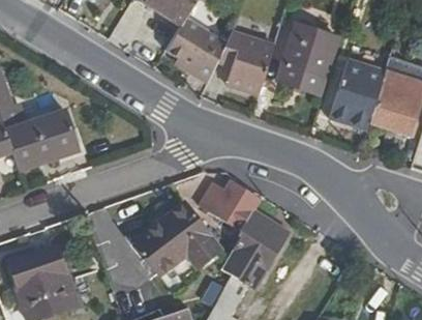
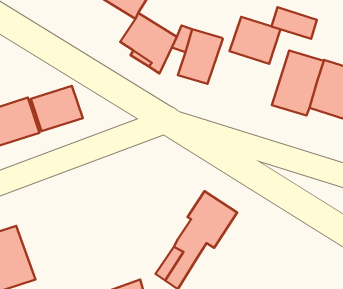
building: [277,60,326,94] -> [272,7,317,39]
building: none -> [31,86,83,131]
building: [202,185,261,233] -> none
building: [131,204,220,278] -> none

